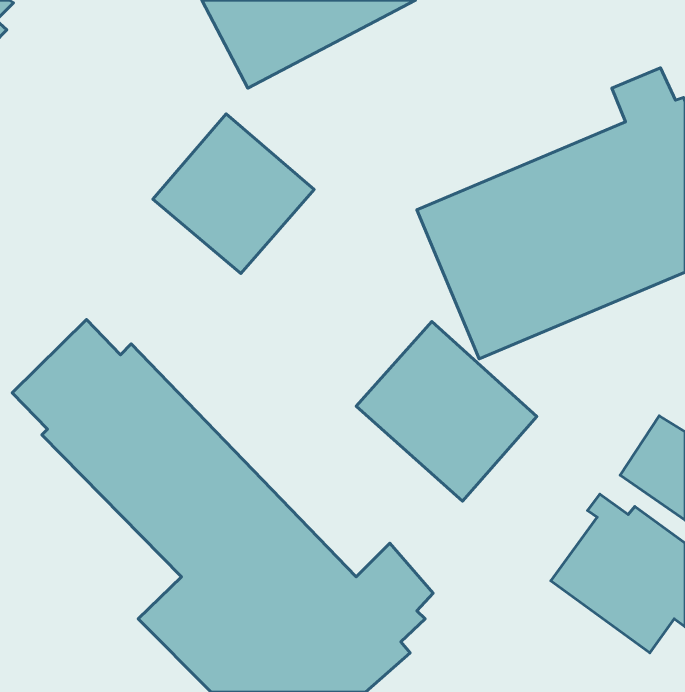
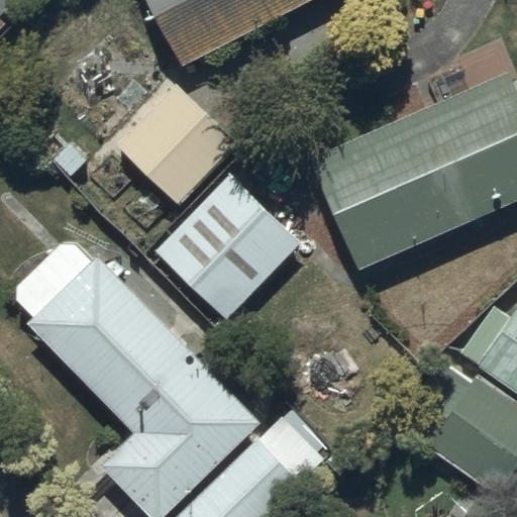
building: none -> [154,176,299,320]
building: [356,321,537,501] -> none

